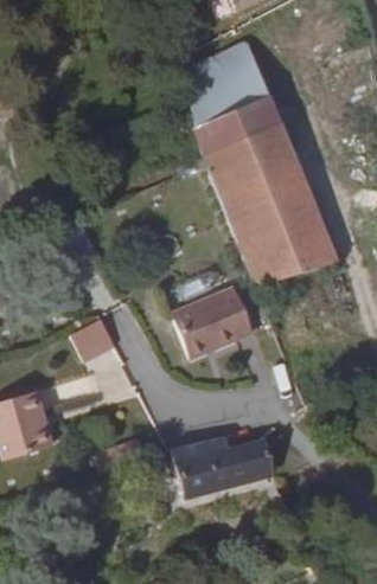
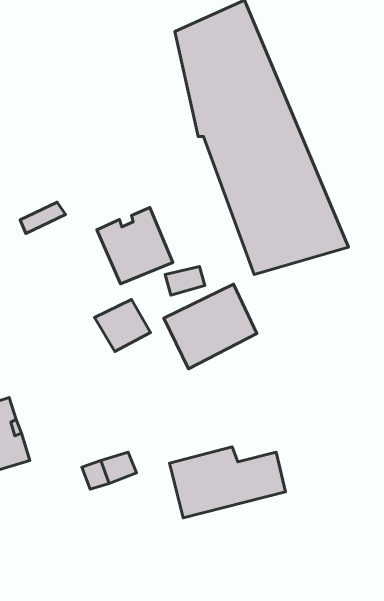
building: none -> [97,208,173,284]
building: [70,317,119,362] -> [94,300,151,352]

